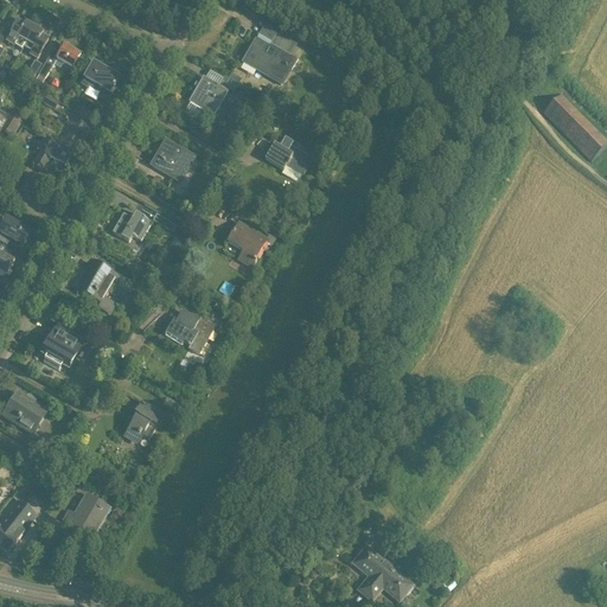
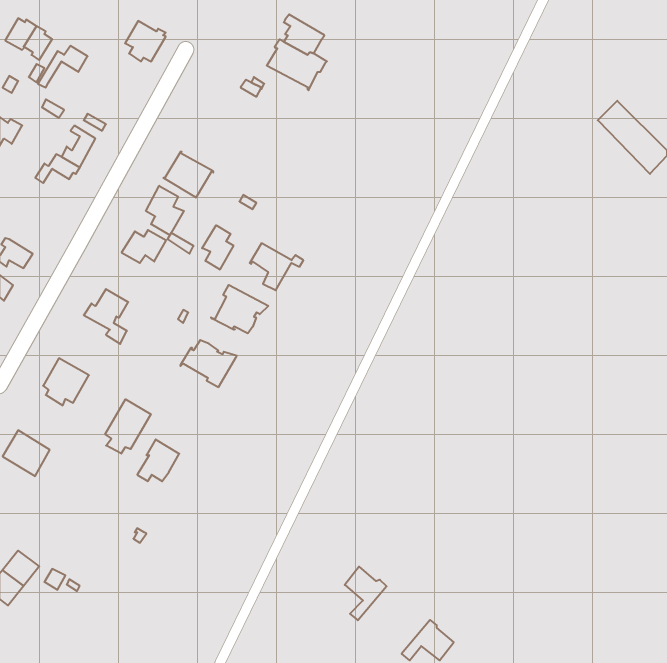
building: [81,59,117,96] -> [125,21,166,61]
building: [187,74,226,113] -> none
building: [263,134,312,179] -> none
building: none -> [146,186,184,235]
building: none -> [202,225,233,270]
building: none -> [211,285,268,333]
building: none -> [105,399,151,454]
building: [63,493,108,533] -> none
building: [352,544,390,593] -> [345,567,387,620]

